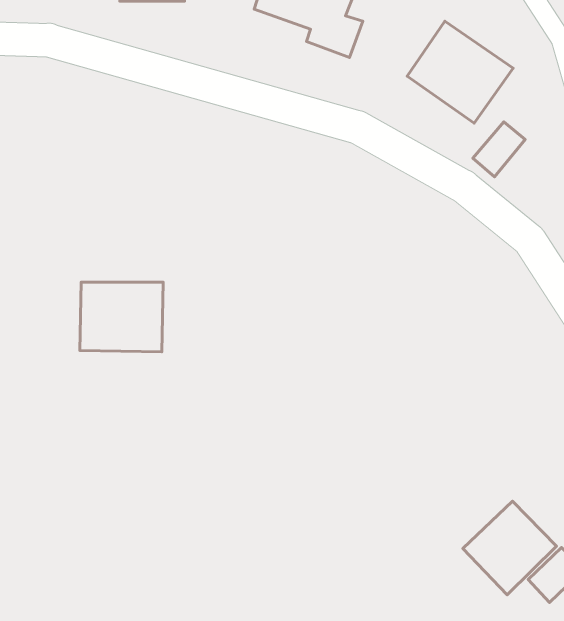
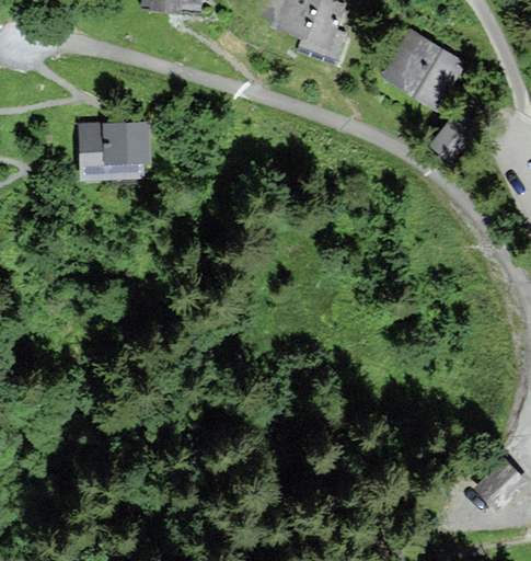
building: [80,282,163,352] -> [77,122,145,179]
building: [463,501,557,595] -> none

